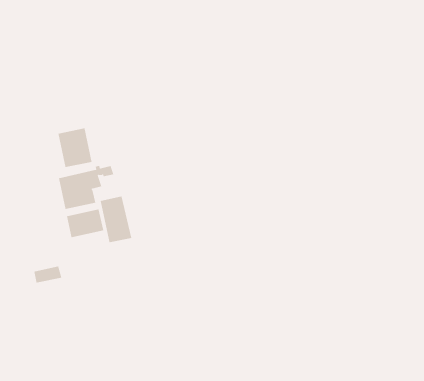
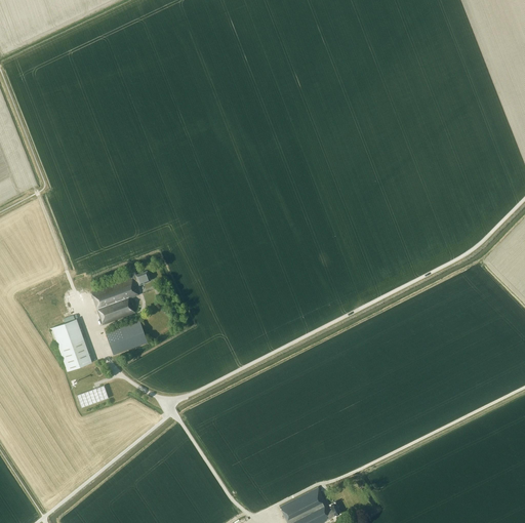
building: [58,128,92,168] -> none
building: [100,196,132,243] -> [52,321,92,373]

